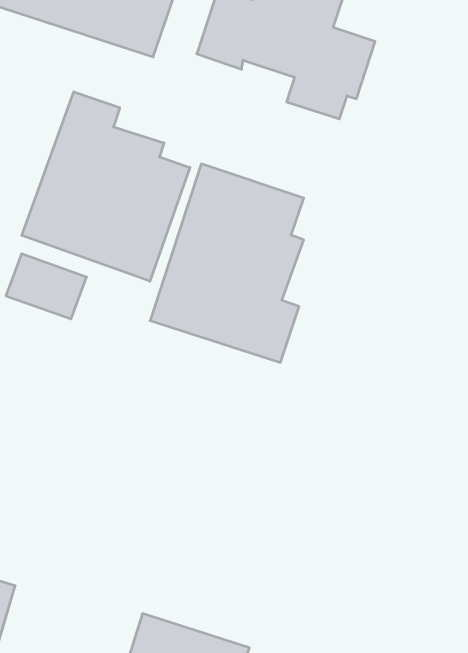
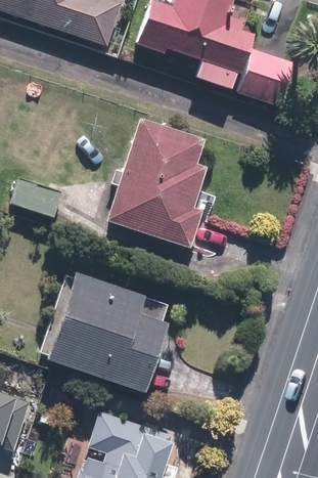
building: none -> [240,50,291,104]
building: [22,92,190,281] -> none
building: none -> [47,271,170,392]

